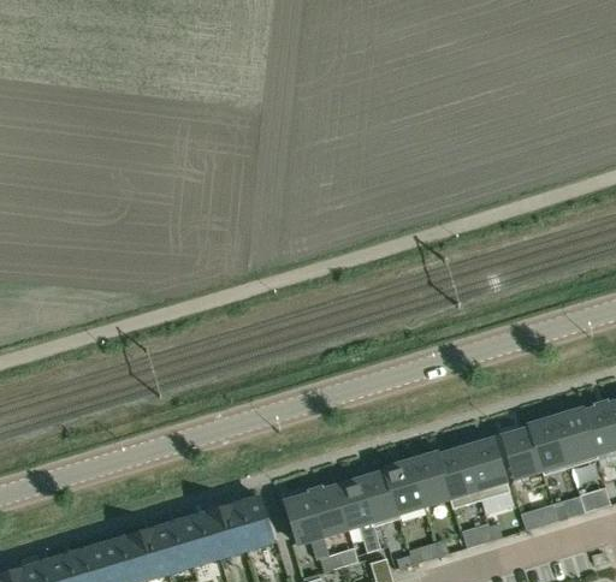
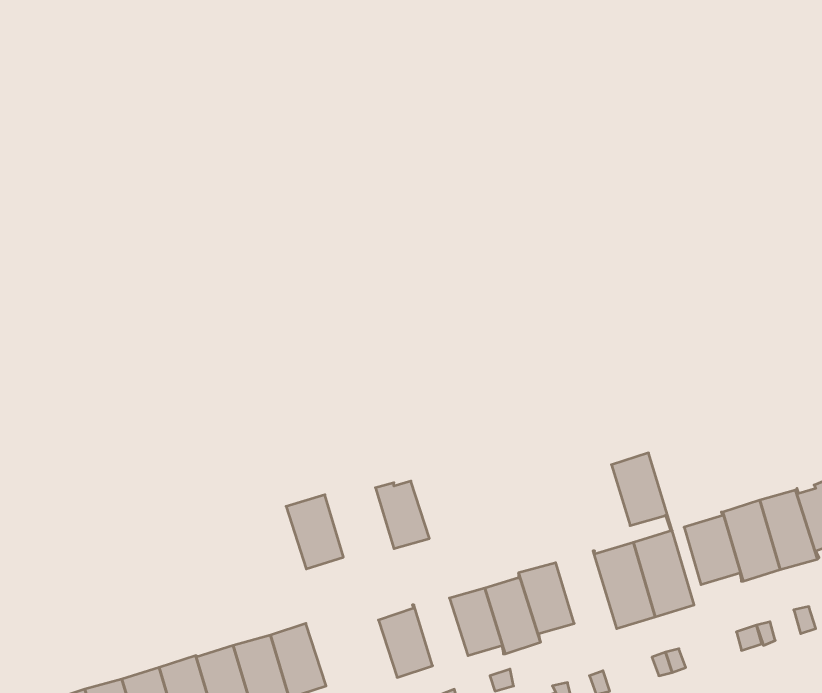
building: [410,452,454,507] -> [611,453,672,531]
building: [309,486,348,534] -> [375,481,429,549]
building: [232,495,273,548] -> [286,495,343,569]

